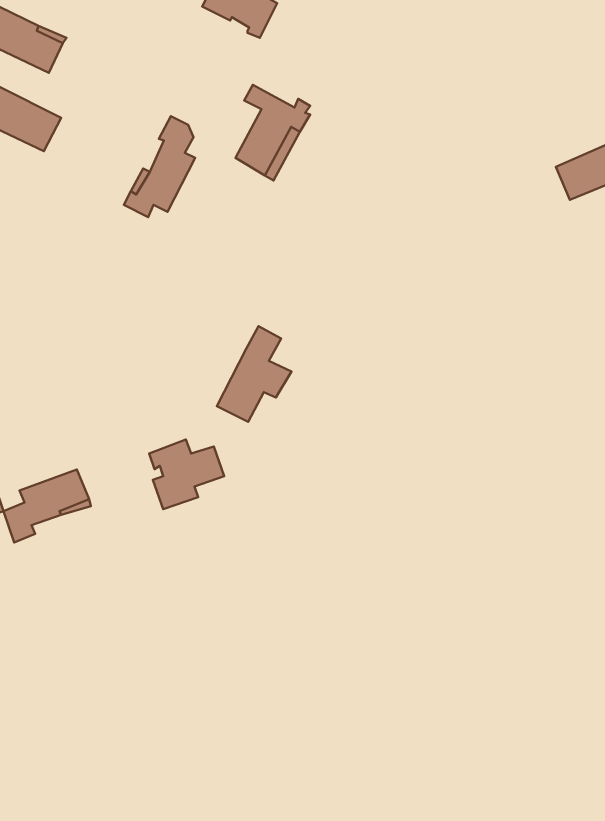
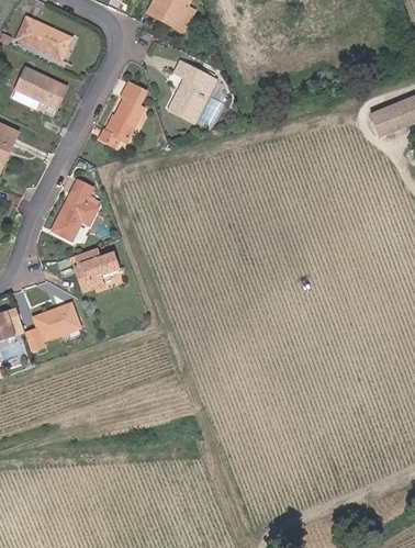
building: [217,326,292,422] -> [51,179,98,239]
building: [149,440,224,509] -> [74,247,121,291]

